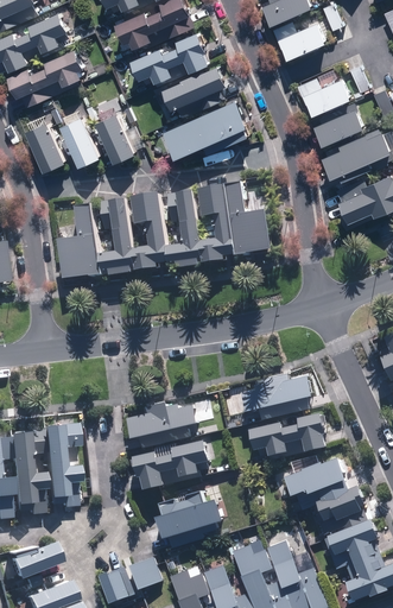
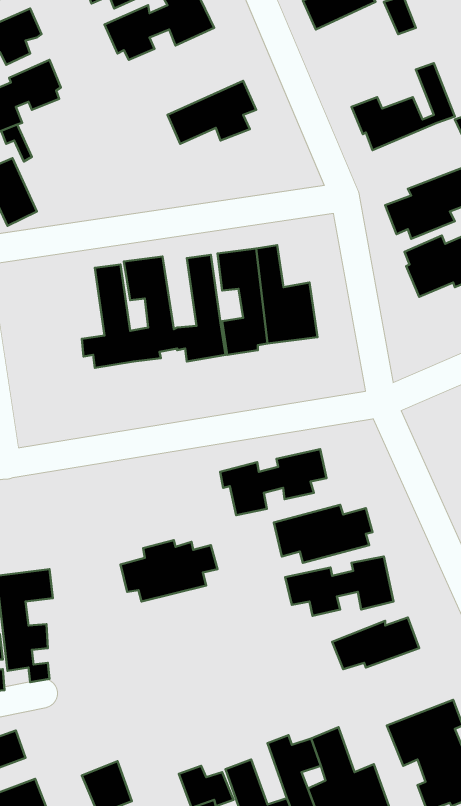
building: [272,19,327,59] -> none
building: [131,31,209,83] -> none
building: [156,99,247,158] -> none
building: [313,107,363,145] -> none
building: [95,112,135,163] -> none
building: [61,115,101,166] -> none
building: [58,203,101,283] -> none
building: [131,442,209,490] -> [220,449,327,515]
building: [316,483,365,522] -> none
building: [157,496,222,540] -> none
building: [129,556,163,590] -> none

